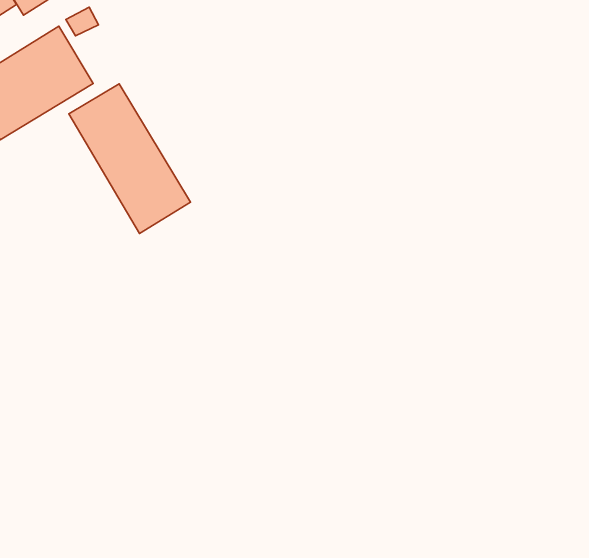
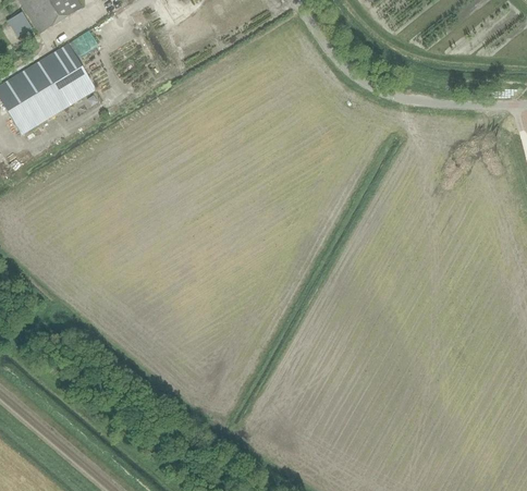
building: [69,84,191,234] -> none

